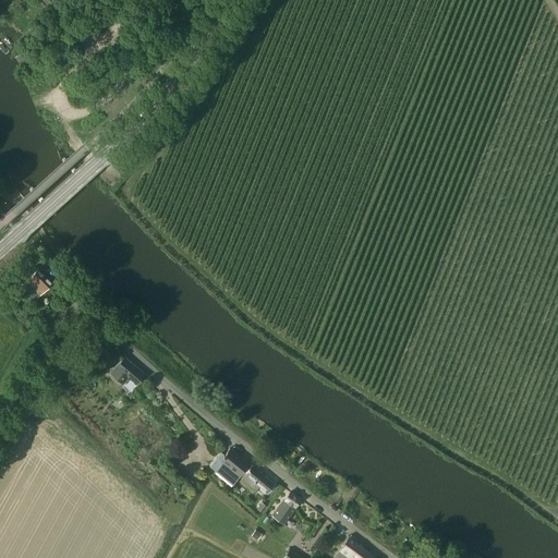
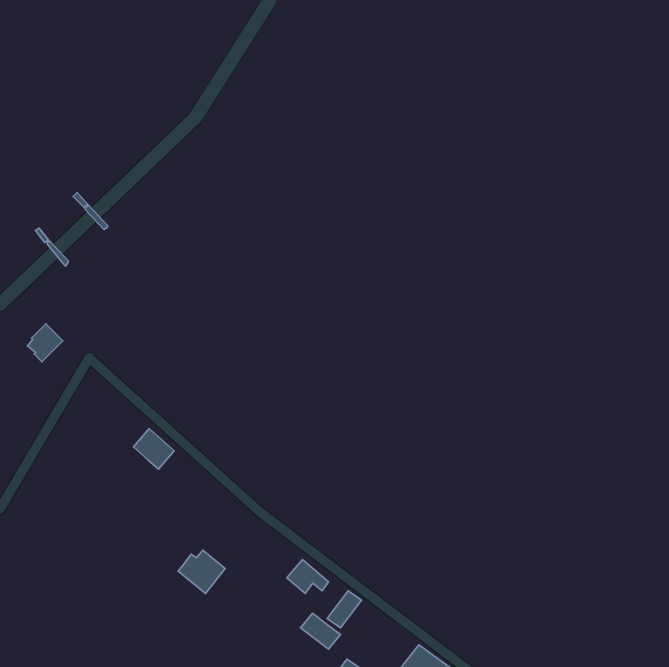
building: [209,450,248,486] -> [178,550,225,593]
building: none -> [301,613,340,649]

